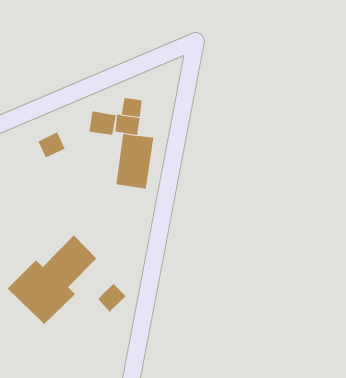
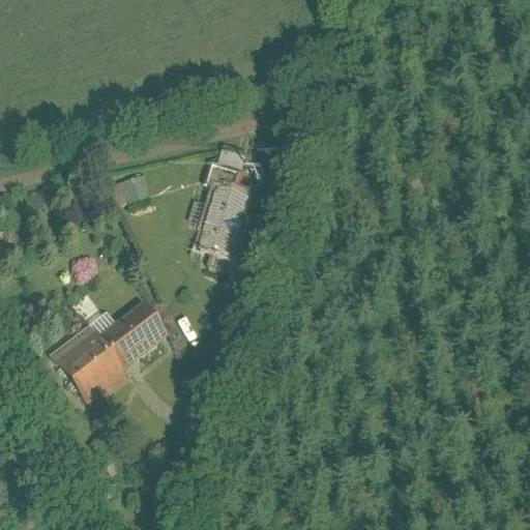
building: [89,110,116,135] -> none
building: [97,283,127,313] -> none

